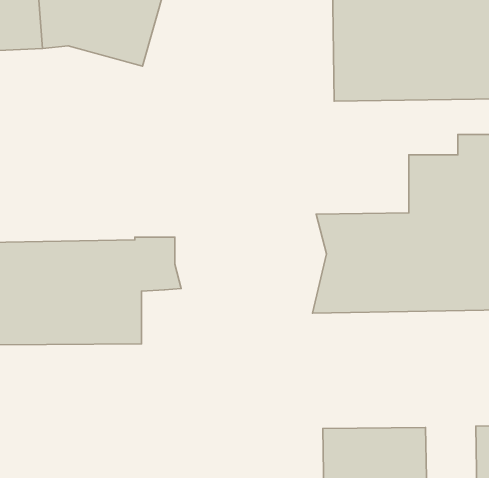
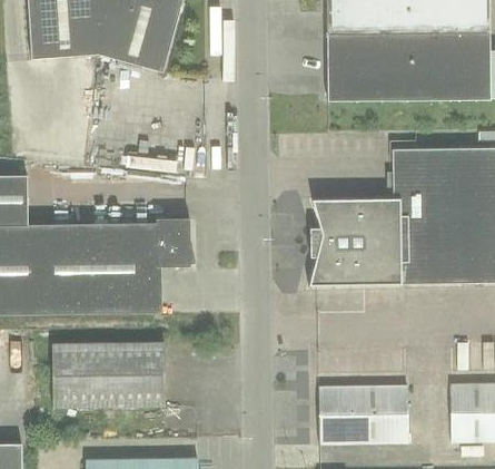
building: none -> [52,342,165,407]

